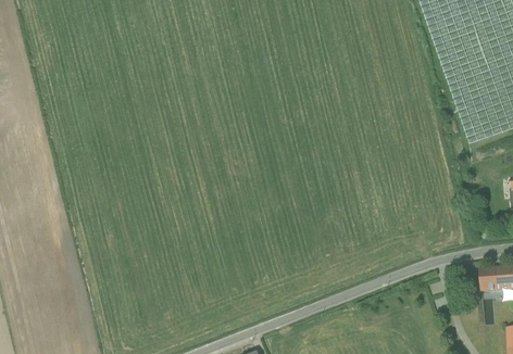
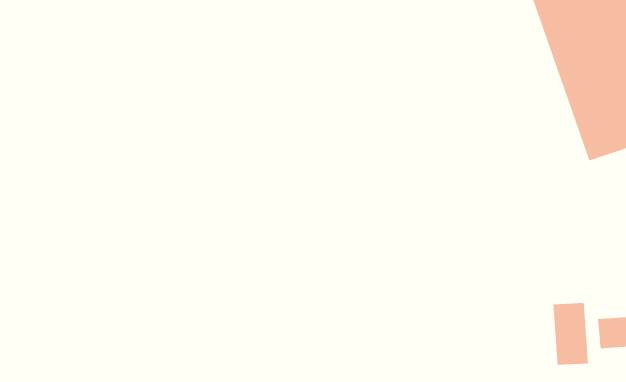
building: none -> [553,302,589,366]

